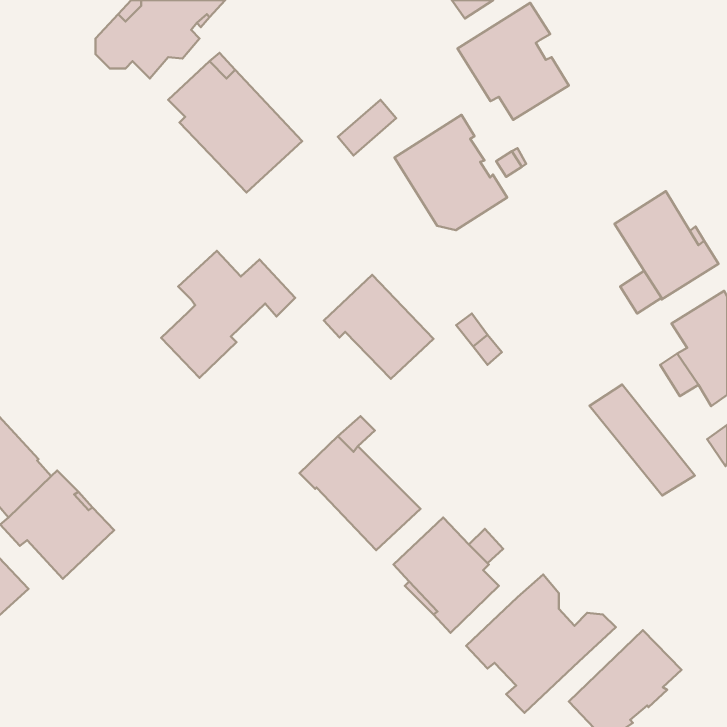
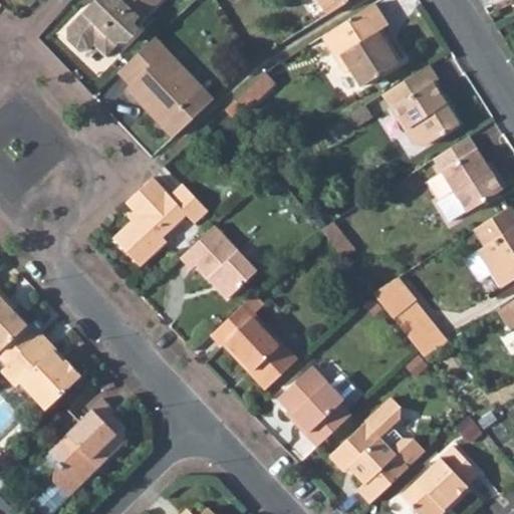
building: [395,115,507,230] -> [381,64,461,146]
building: [324,275,434,379] -> [180,225,257,298]
building: [590,384,695,496] -> [372,278,447,356]
building: none -> [48,399,124,496]

